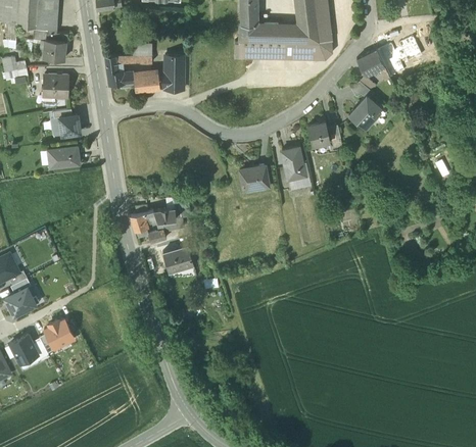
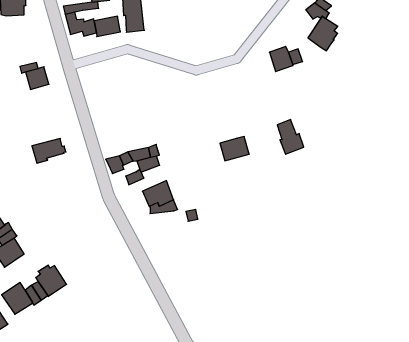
building: [43,74,68,99] -> none
building: [283,147,307,182] -> [277,119,304,154]
building: [47,148,81,170] -> [32,139,66,163]
building: [240,165,269,188] -> [220,137,249,161]

